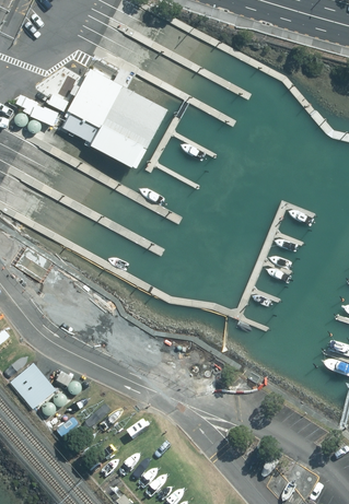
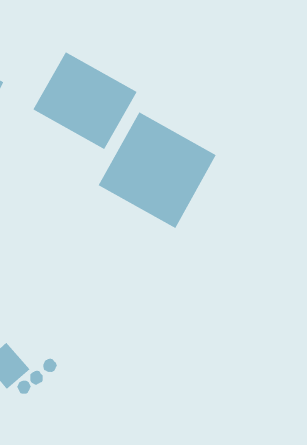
building: none -> [98,111,217,229]

